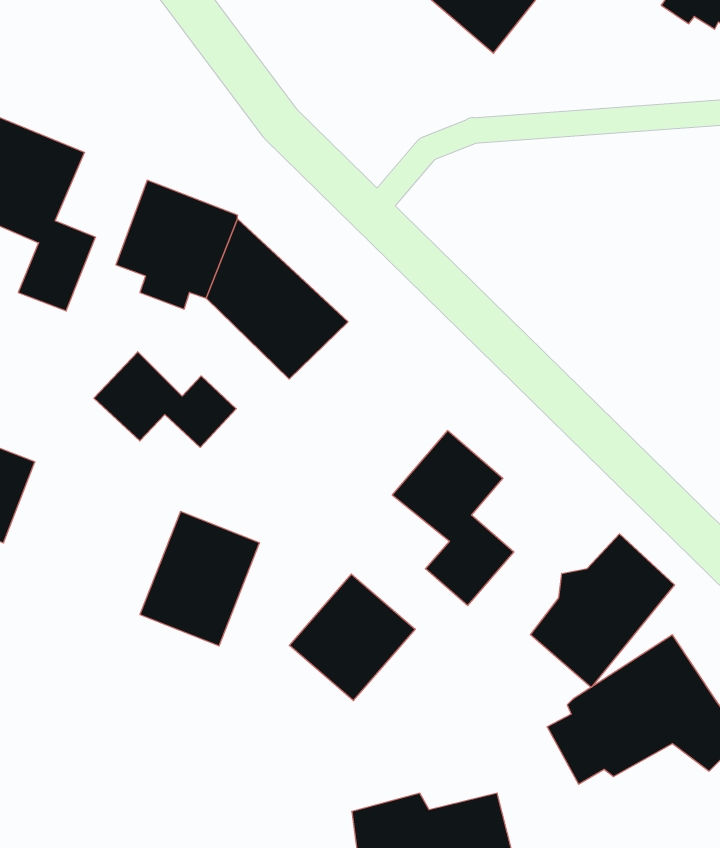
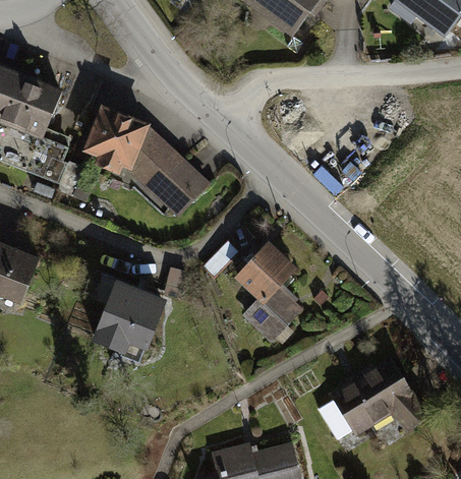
building: [94,352,236,447] -> none
building: [530,534,675,687] -> none
building: [289,574,415,701] -> none

